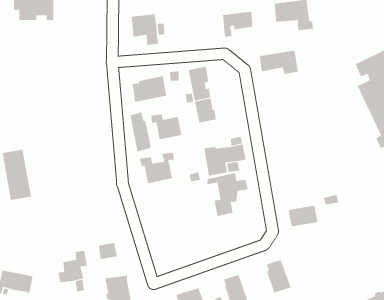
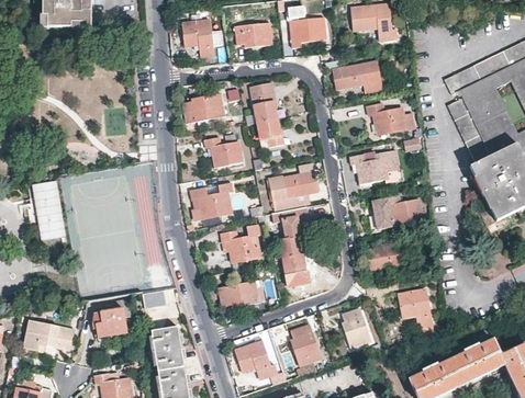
building: none -> [234,22,271,47]
building: none -> [367,104,413,134]
building: [130,112,151,152] -> none
building: none -> [348,148,399,184]
building: none -> [370,193,422,229]
building: none -> [221,227,259,262]
building: none -> [282,253,308,284]
building: none -> [216,275,261,307]
building: none -> [398,289,434,334]

